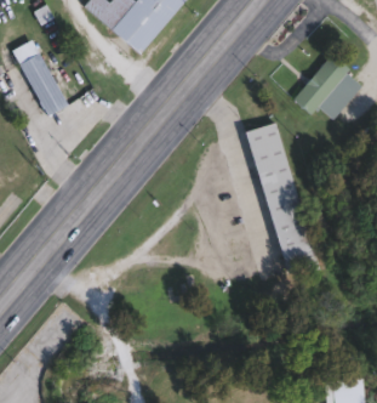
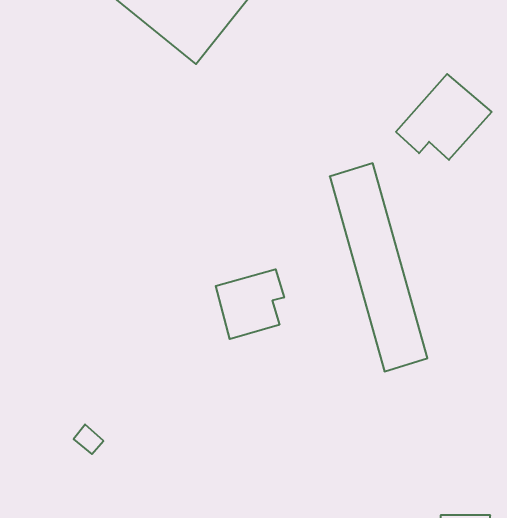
building: [15,40,65,117] -> none
building: none -> [216,269,284,339]

